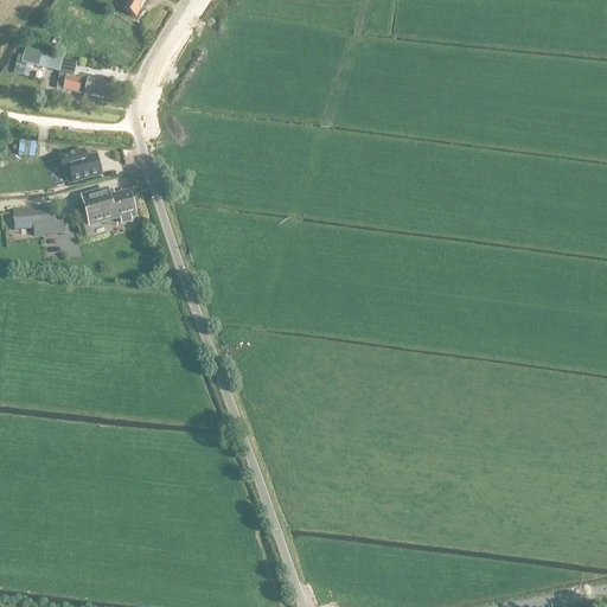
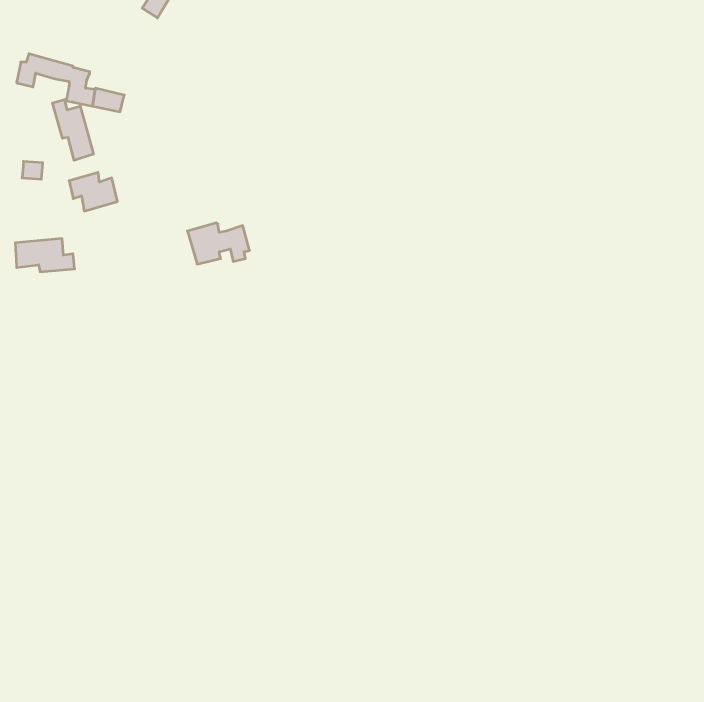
building: none -> [52,100,93,160]
building: [83,187,136,223] -> [187,223,250,264]

